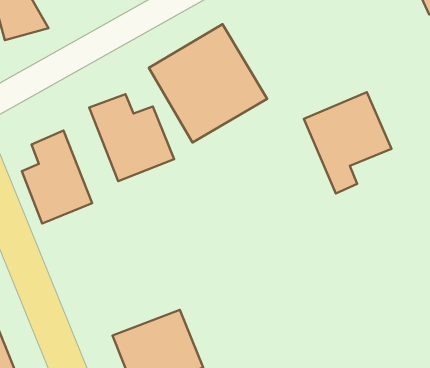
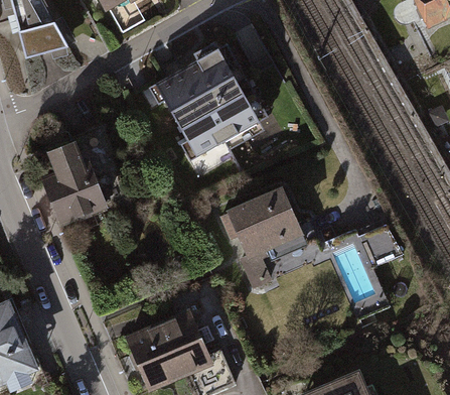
building: [304,92,391,194] -> [221,189,304,285]
building: [89,94,174,181] -> none

